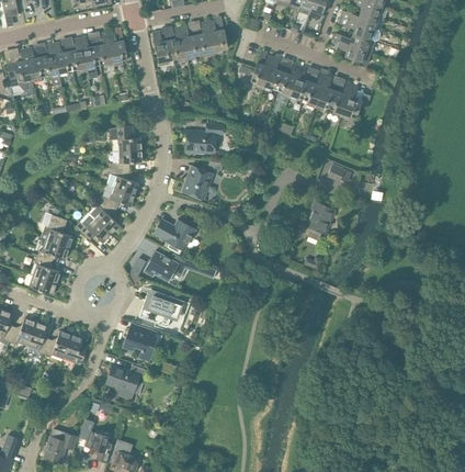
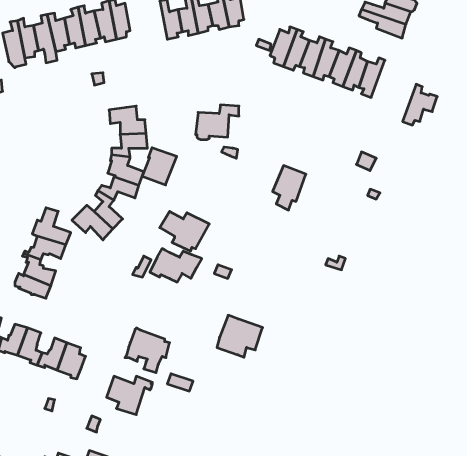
building: [340,83,371,120] -> [403,84,437,125]
building: [182,165,213,198] -> [142,148,177,185]
building: [304,201,333,240] -> [273,166,306,210]
building: [143,289,183,326] -> [217,315,263,357]

